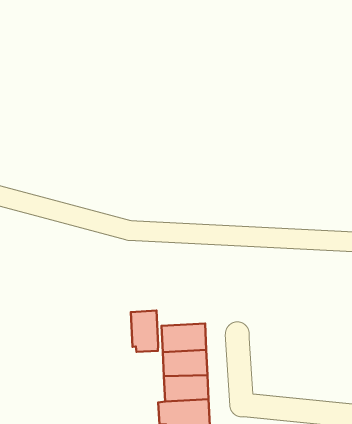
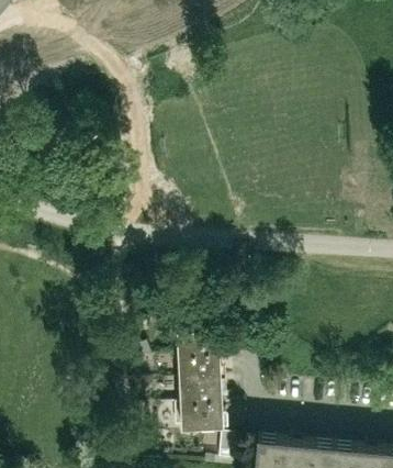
building: [131,311,158,352] -> none

